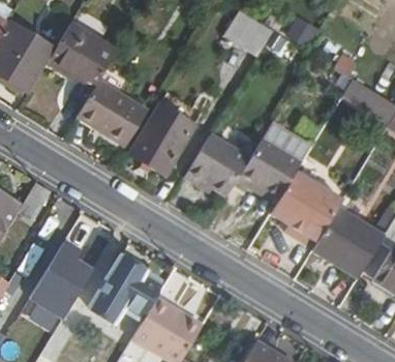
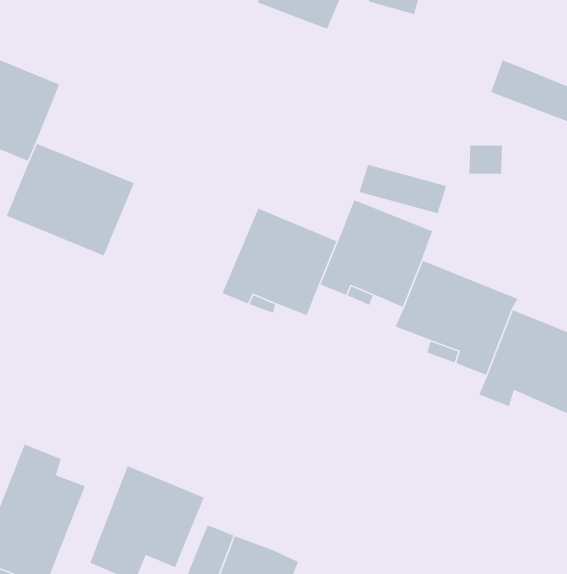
building: [129,105,193,176] -> none

